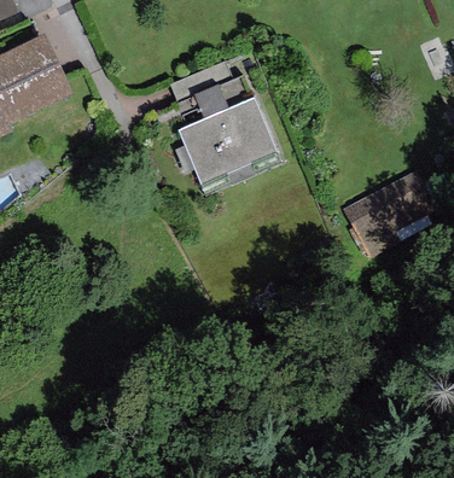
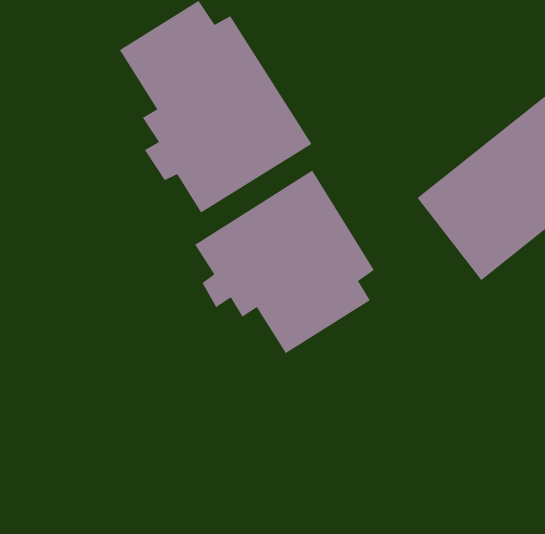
building: none -> [194,169,375,354]

